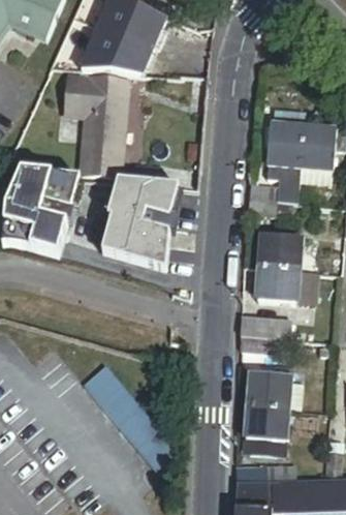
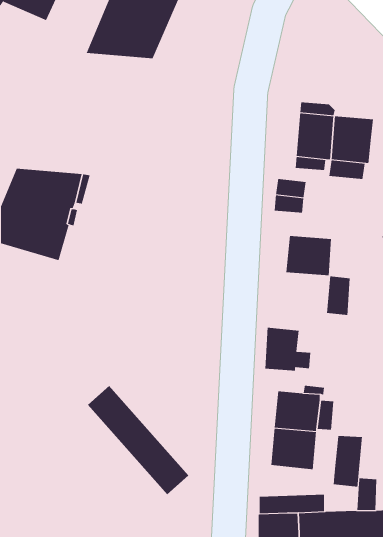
building: [64,75,125,177] -> none
building: [100,181,178,271] -> none
building: [256,266,297,302] -> none
building: none -> [333,435,362,488]

